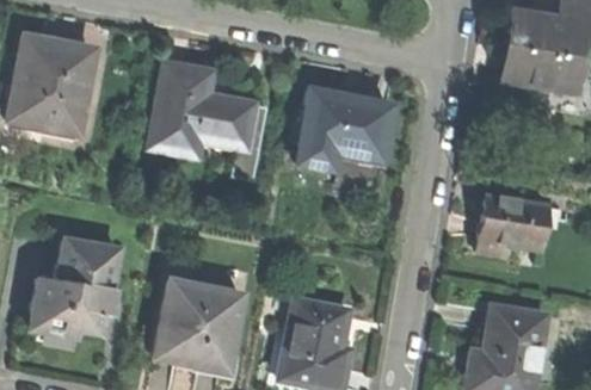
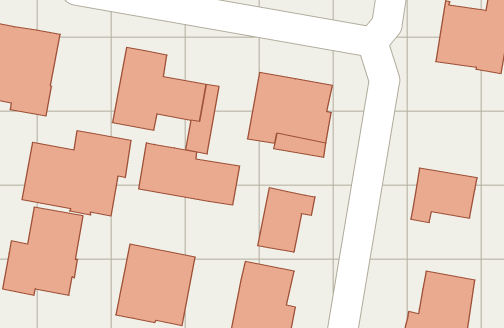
building: none -> [22,131,131,216]
building: none -> [139,143,239,205]
building: none -> [258,188,315,252]

